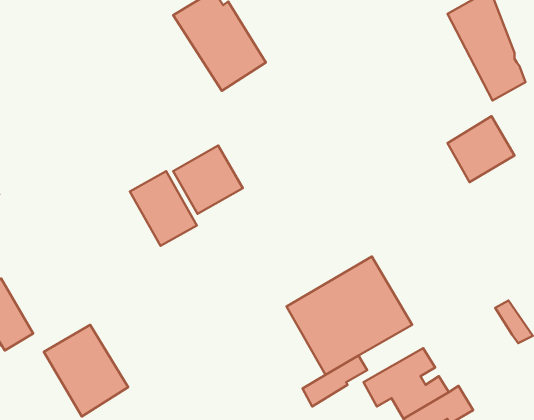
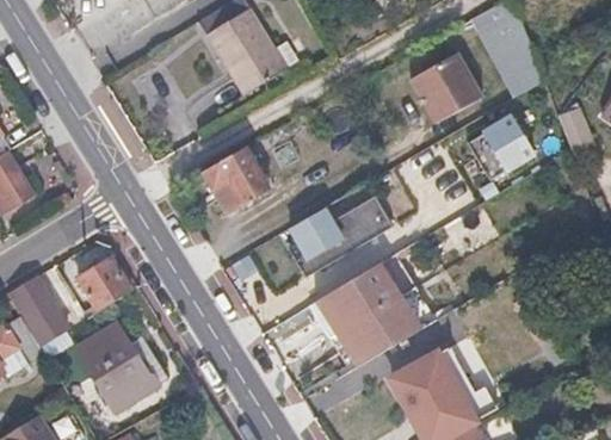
building: none -> [411,49,482,120]
building: [130,171,197,246] -> none
building: none -> [288,198,393,279]
building: none -> [75,260,125,310]

